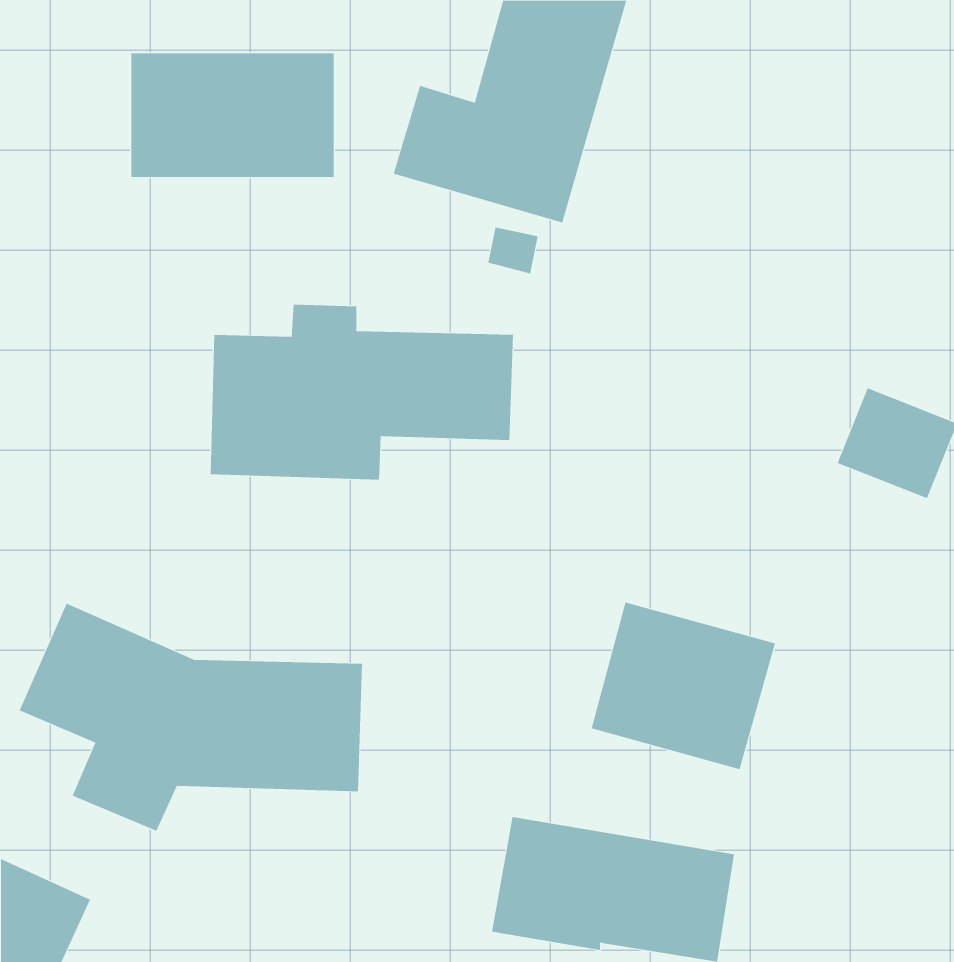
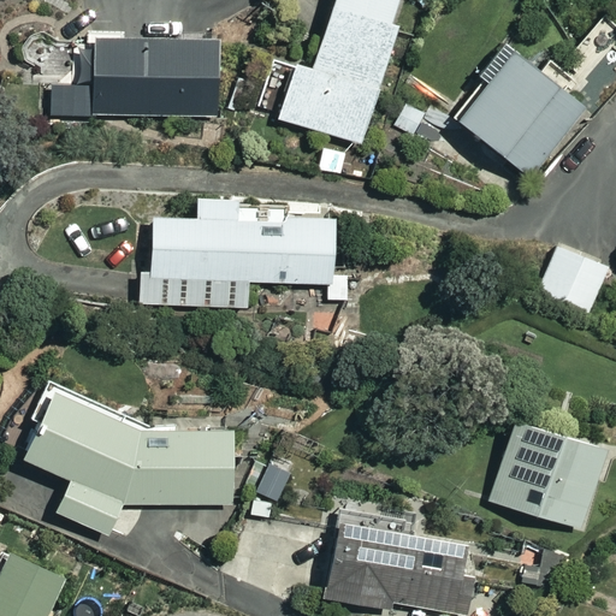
building: none -> [455,49,587,179]
building: [591,602,776,770] -> [488,421,606,528]

